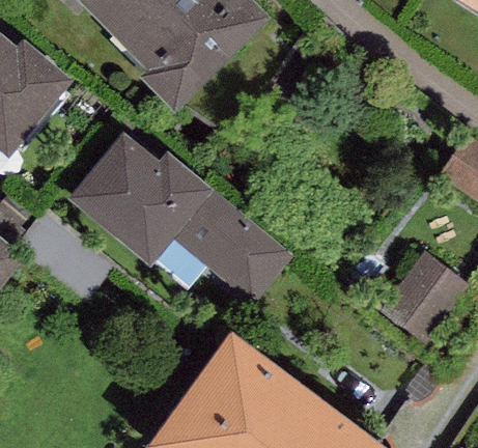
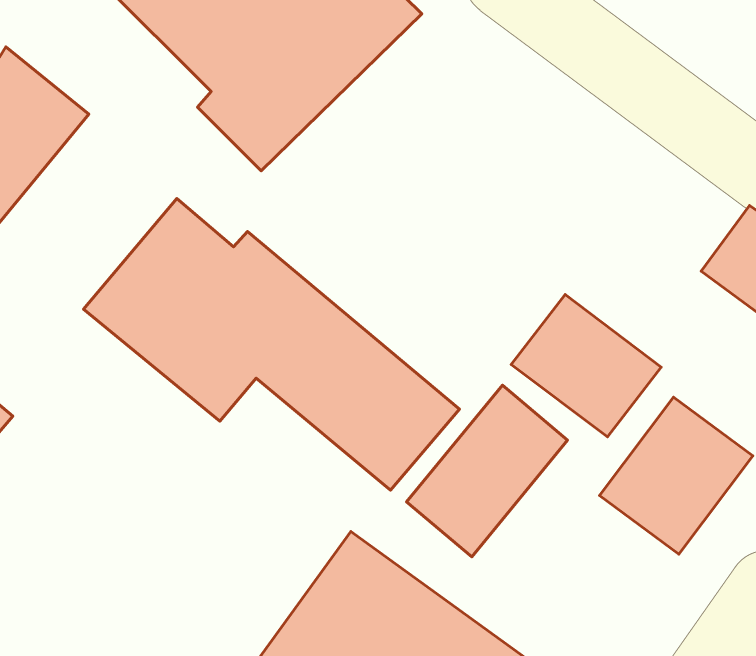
building: none -> [511,295,661,437]
building: none -> [407,385,568,557]

